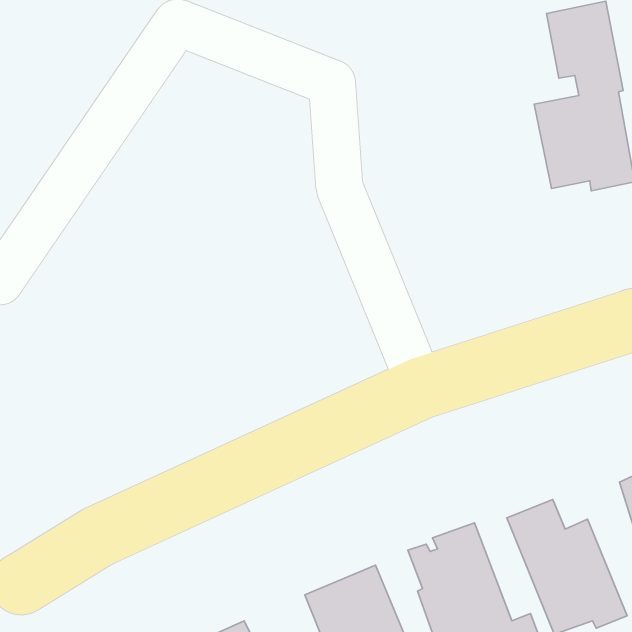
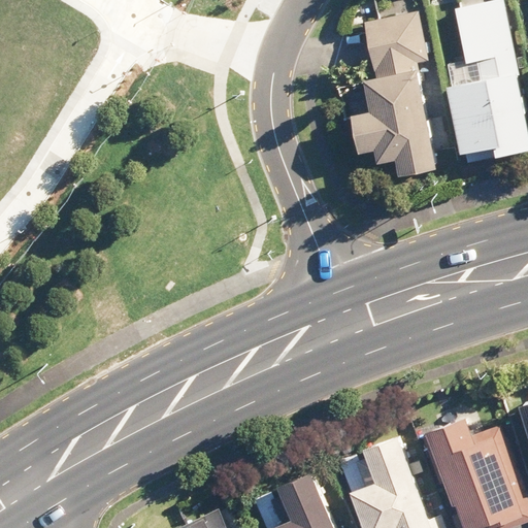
building: none -> [351,15,439,177]

